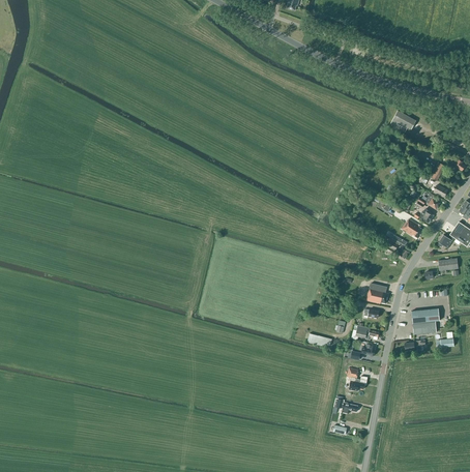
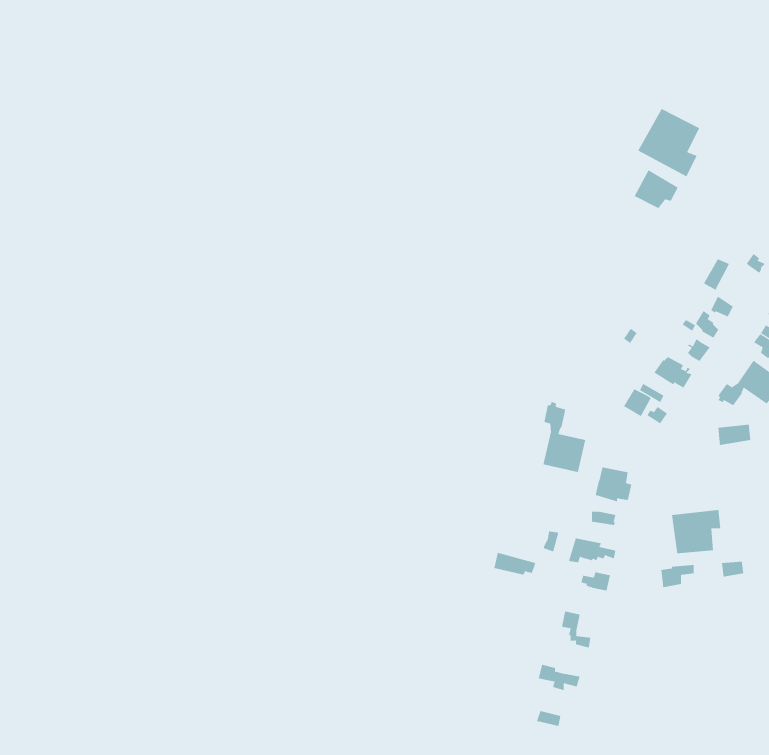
building: none -> [637,108,700,177]
building: none -> [543,400,586,473]

